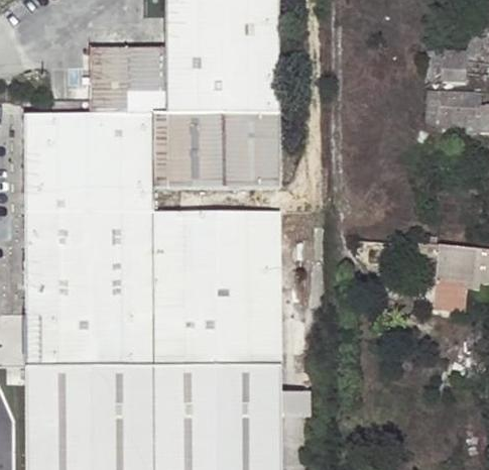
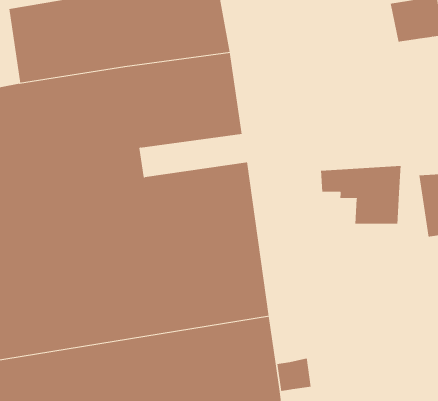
building: none -> [320,165,401,224]

